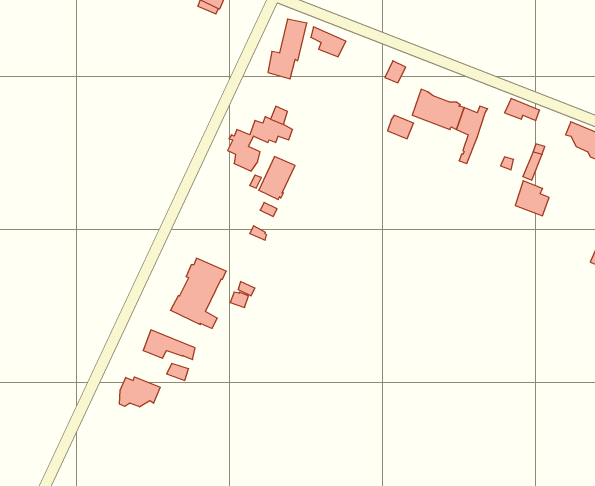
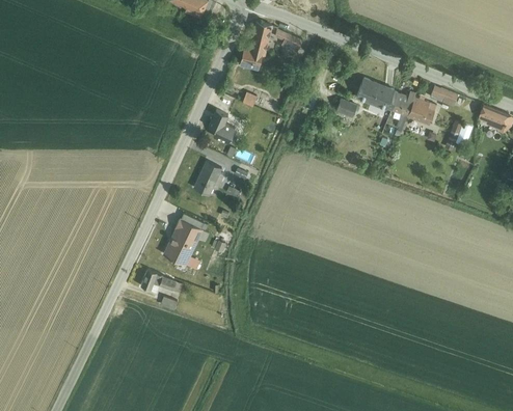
building: [259,157,295,199] -> [193,161,222,195]
building: [515,181,549,216] -> [407,97,434,125]
building: [119,377,160,407] -> none

